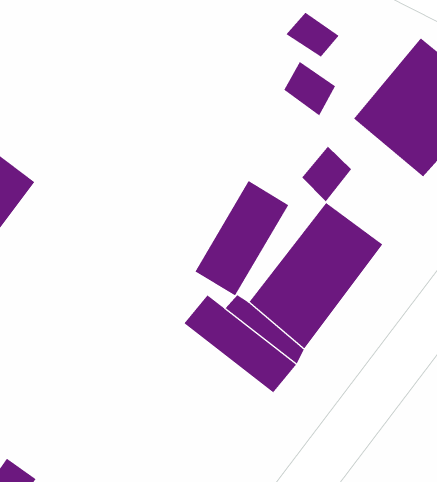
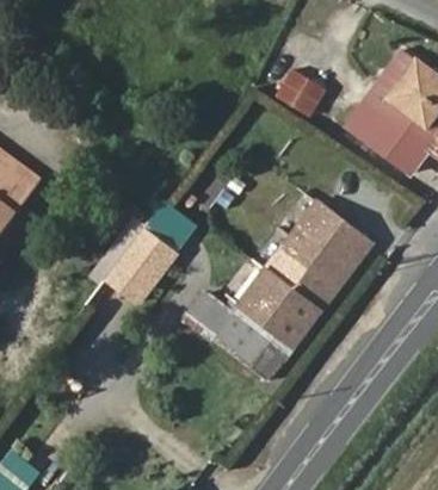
building: [286,12,340,58] -> none
building: [301,146,352,202] -> none
building: [194,180,289,296] -> [106,193,197,304]

